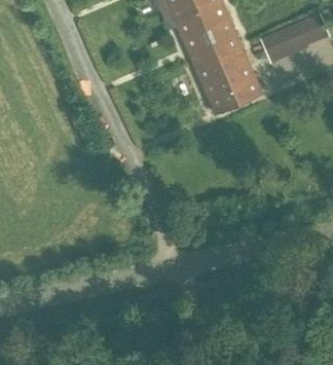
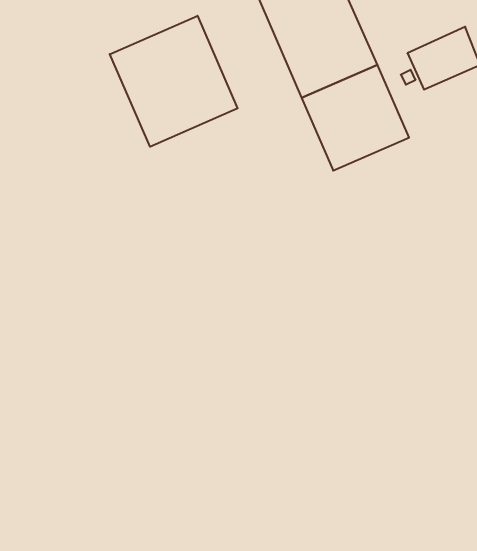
building: none -> [110,16,238,147]

